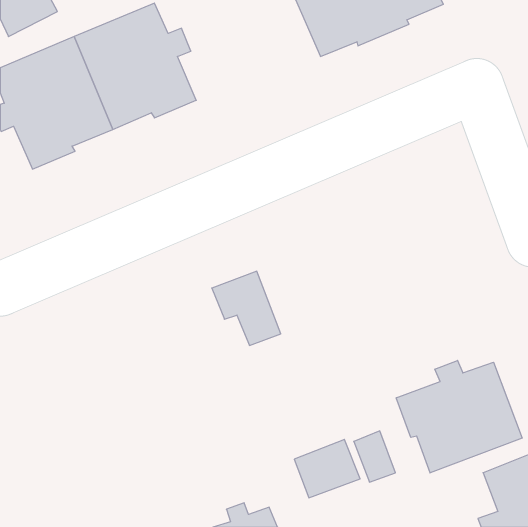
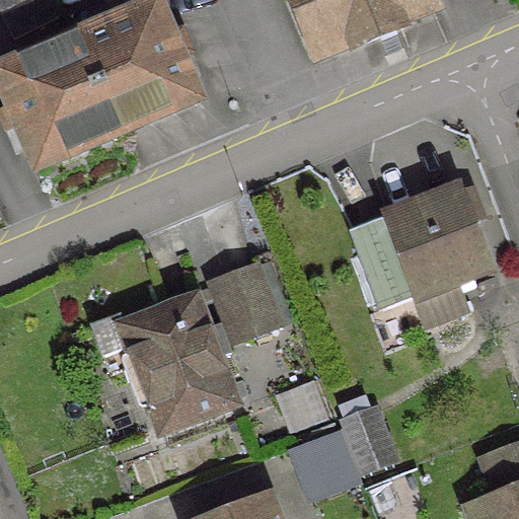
building: none -> [364,189,487,305]
building: none -> [92,296,235,430]
building: [396,360,522,473] -> none

